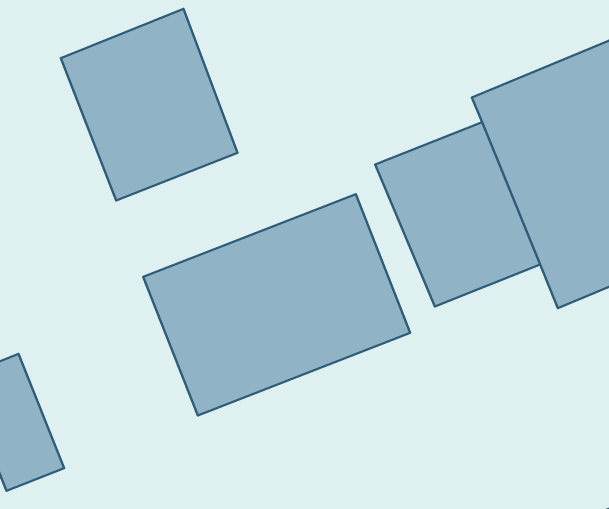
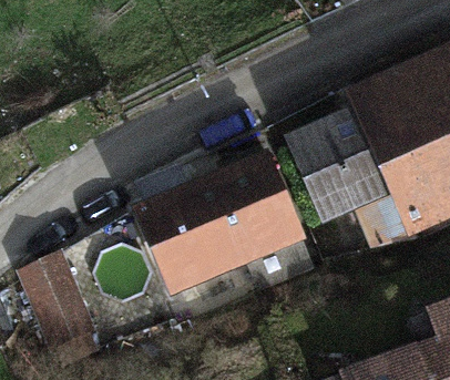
building: [61,9,237,201] -> none

